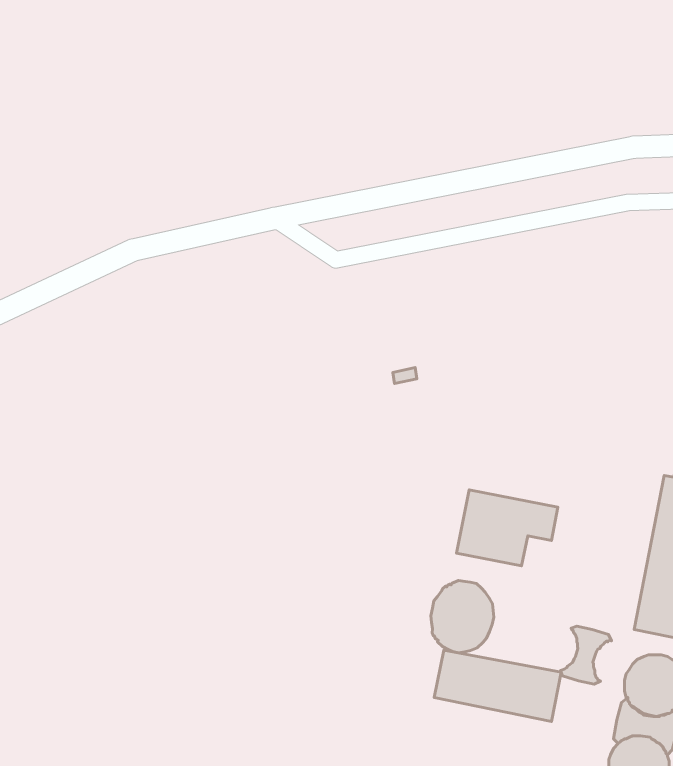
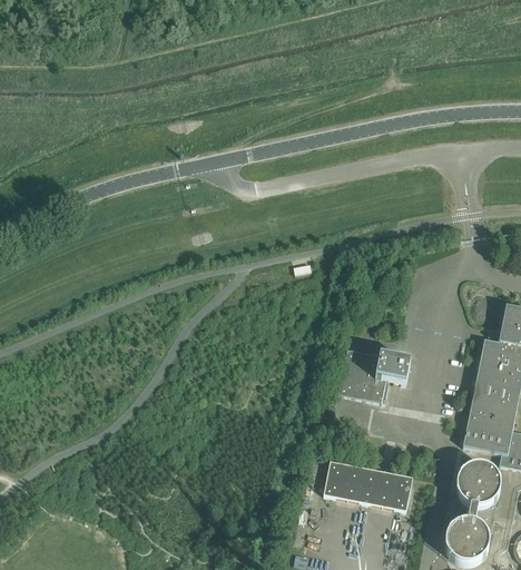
building: [431,580,494,653] -> none
building: [561,626,612,684] -> none

